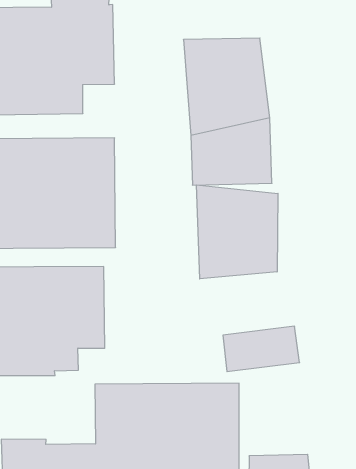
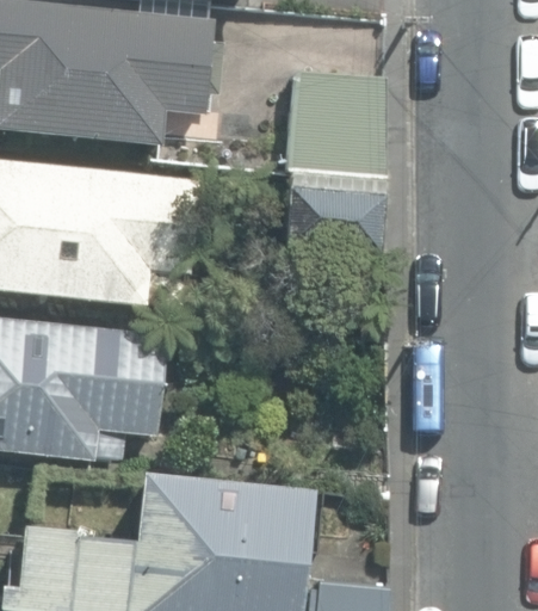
building: [196,185,278,279] -> none

